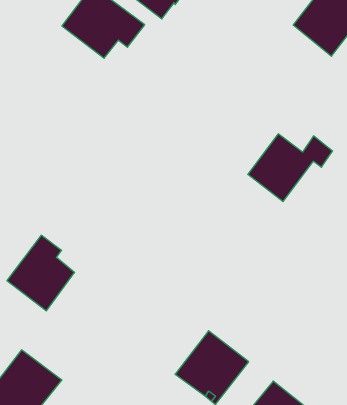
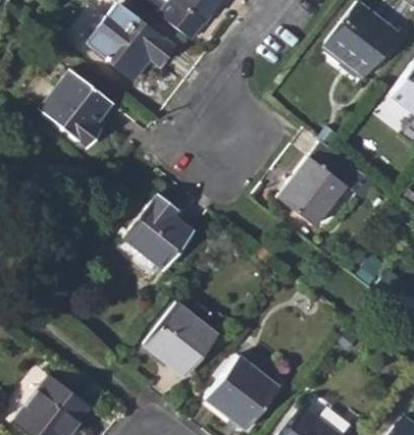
building: none -> [39,68,113,148]
building: [7,235,75,311] -> [123,193,192,269]
building: none -> [144,303,217,376]

